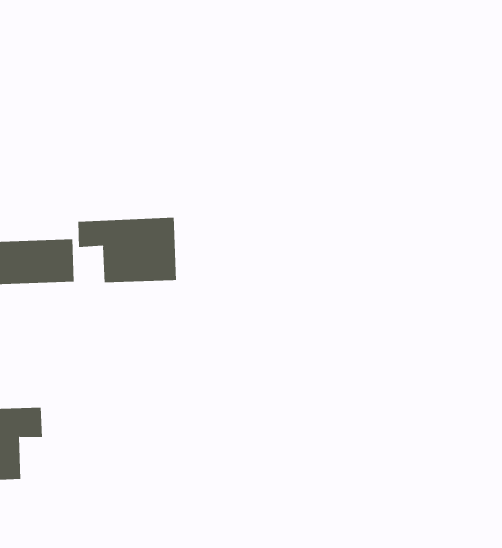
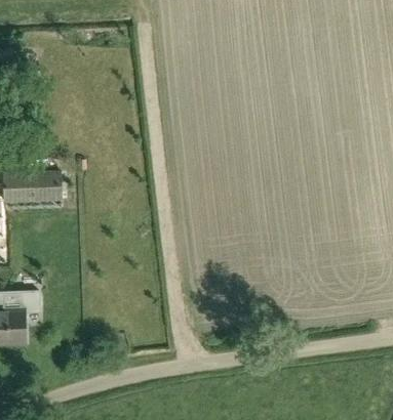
building: [78,217,177,283] -> none

